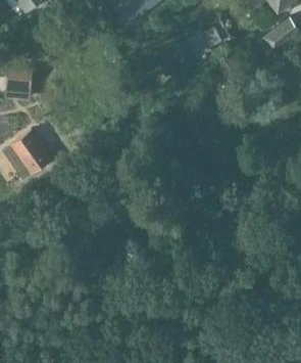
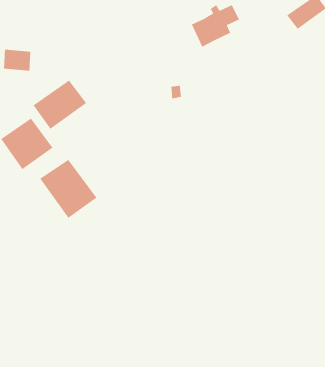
building: none -> [33,80,87,130]
building: none -> [39,159,98,219]

